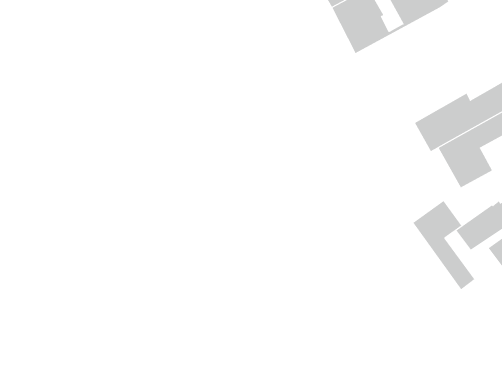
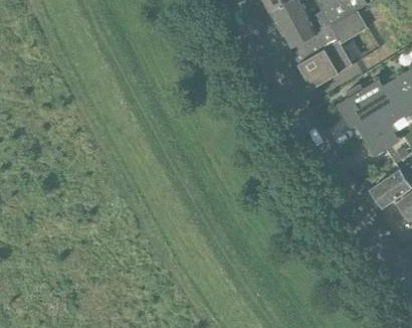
building: none -> [290,11,369,89]
building: [412,200,475,290] -> none

